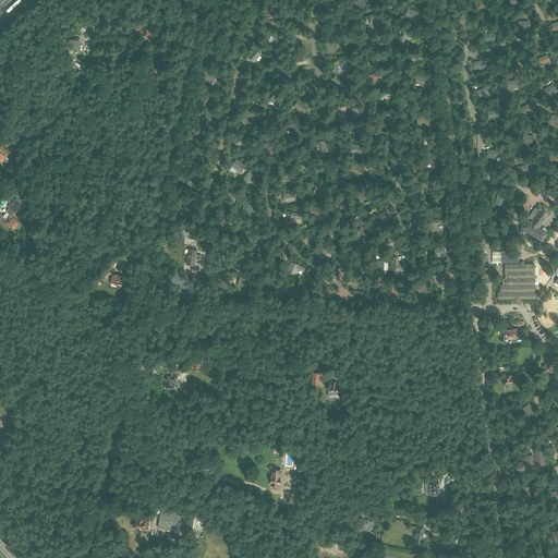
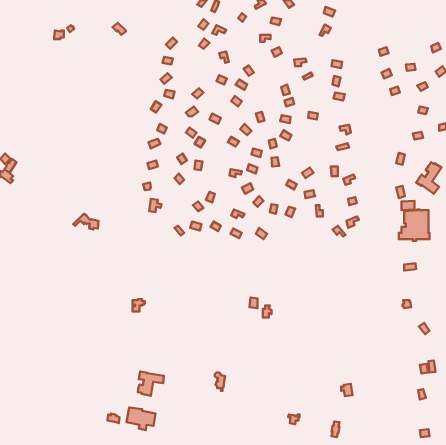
building: none -> [138,371,164,396]

